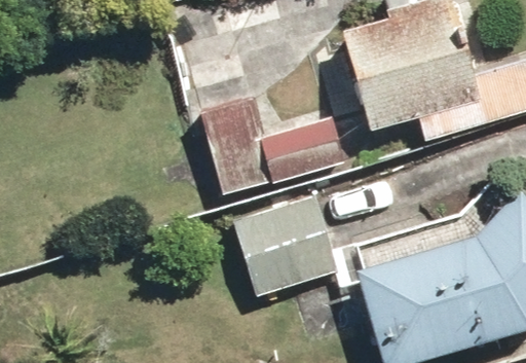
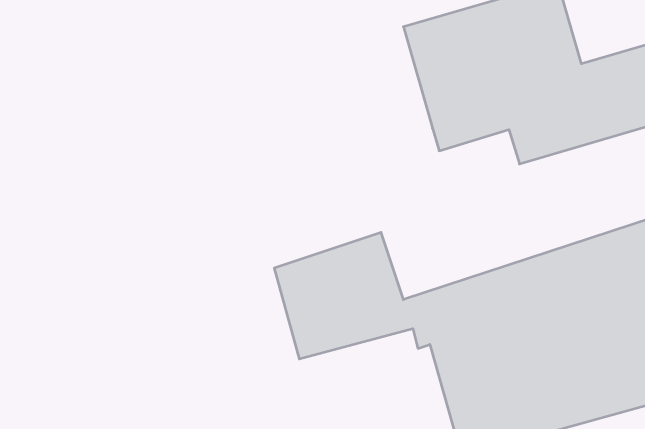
building: [199,90,351,196] -> none

